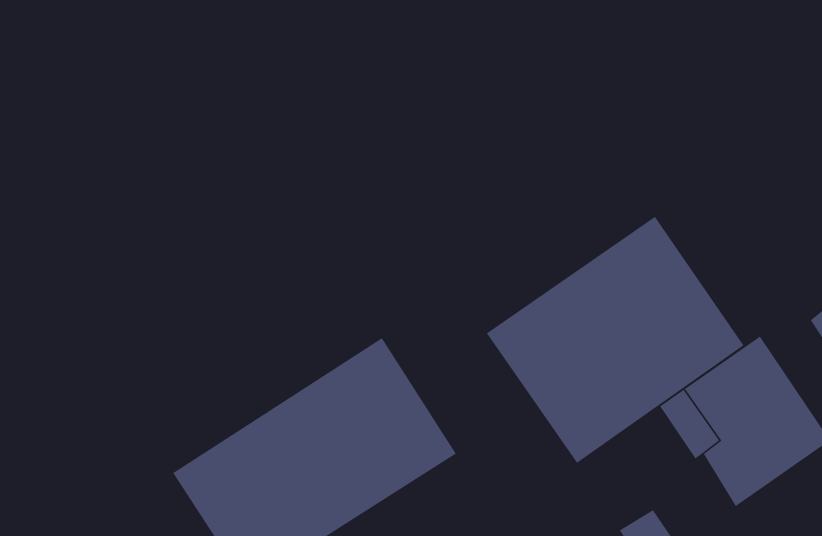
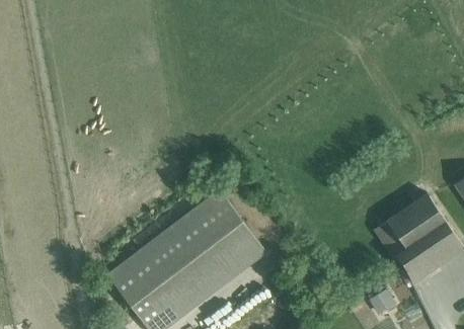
building: [486,216,745,464] -> none

